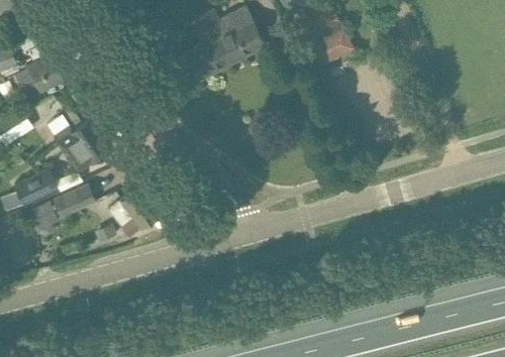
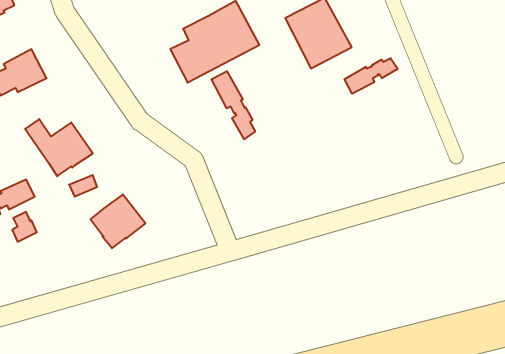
building: none -> [345,58,398,94]
building: none -> [212,71,255,139]
building: [52,184,96,219] -> none

